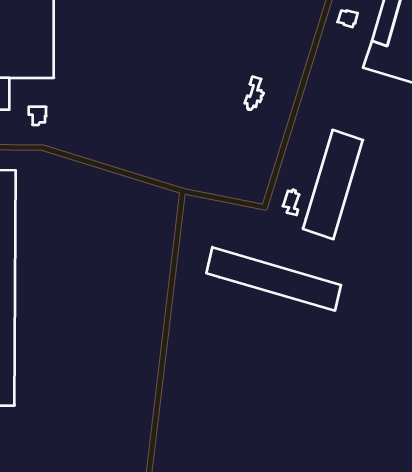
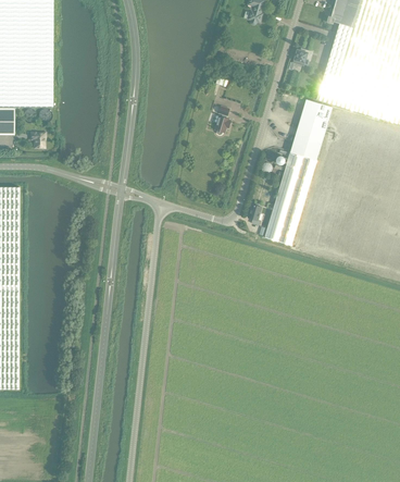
building: none -> [290,97,333,159]
building: [206,247,341,311] -> none

